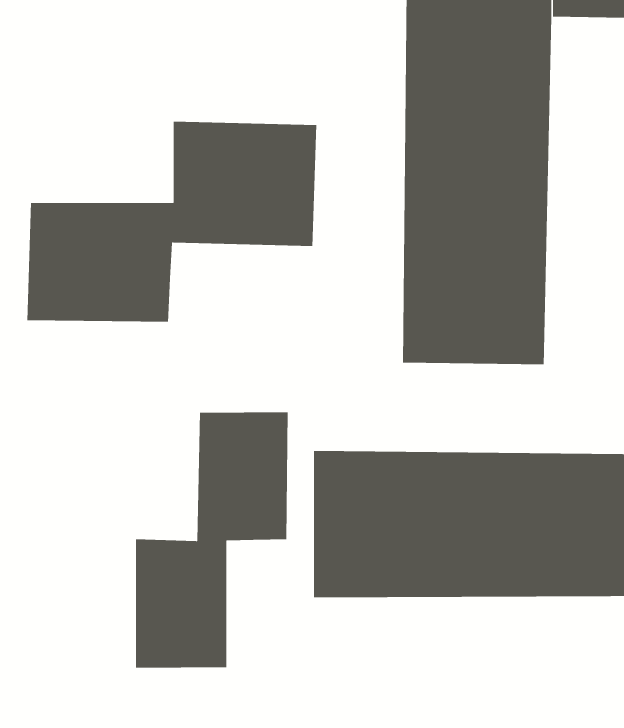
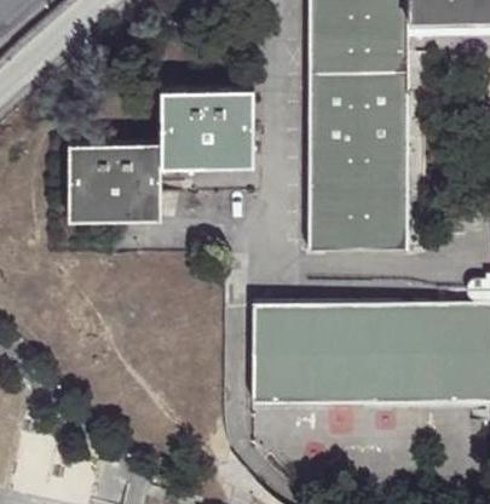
building: [135,412,289,668] -> none

